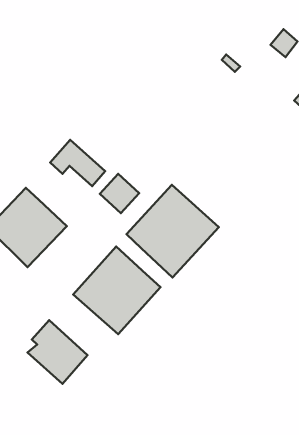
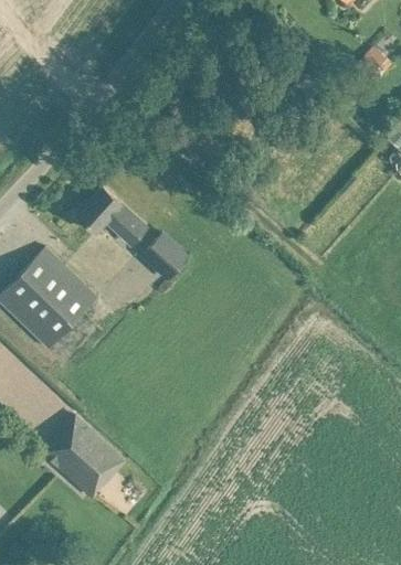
building: [127,185,219,277] -> none
building: [73,247,160,334] -> none

